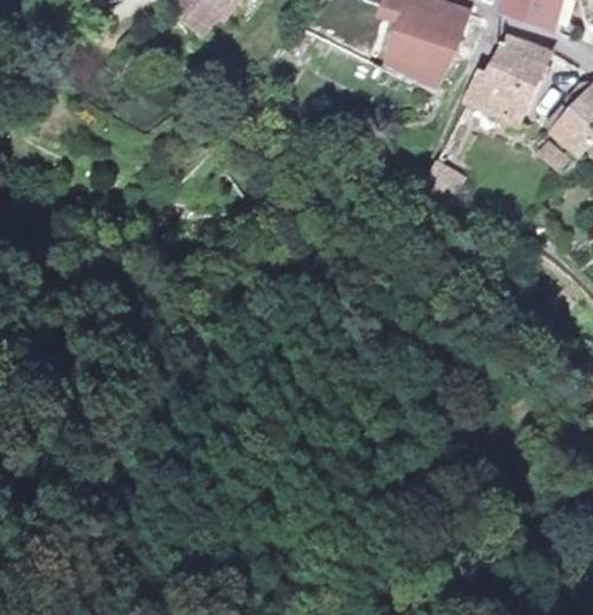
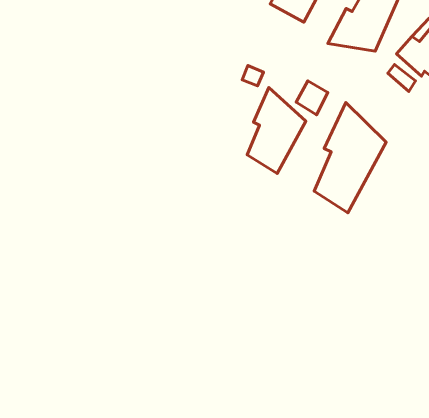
building: none -> [247,88,306,174]
building: none -> [314,102,386,213]

